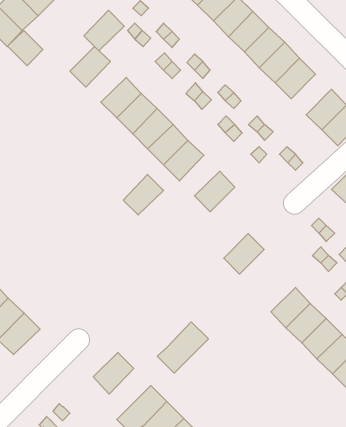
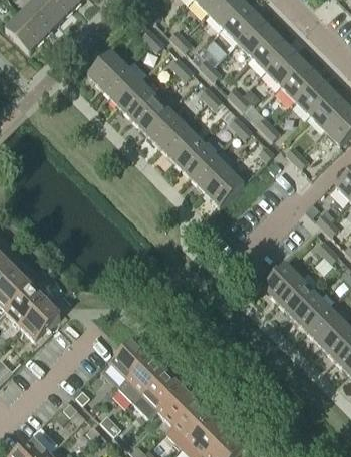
building: [84,10,124,51] -> [103,65,141,103]
building: [8,31,43,66] -> none
building: none -> [297,77,335,115]
building: [123,174,164,215] -> [192,153,230,191]
building: [224,234,264,274] -> [263,263,301,301]
building: [157,322,208,373] -> [116,354,164,402]

